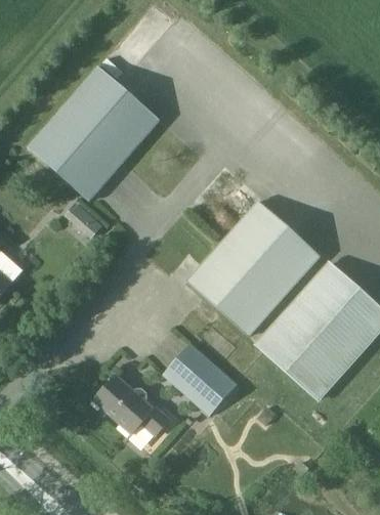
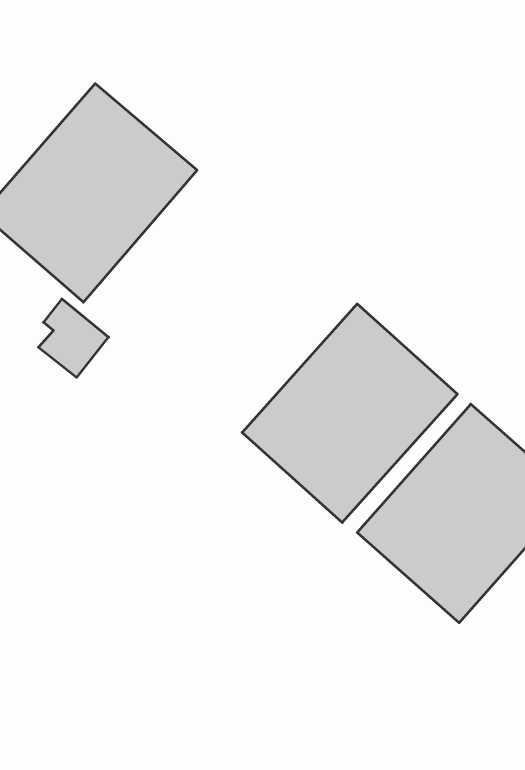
building: [163,344,236,409] -> none
building: [92,373,170,434] -> none

